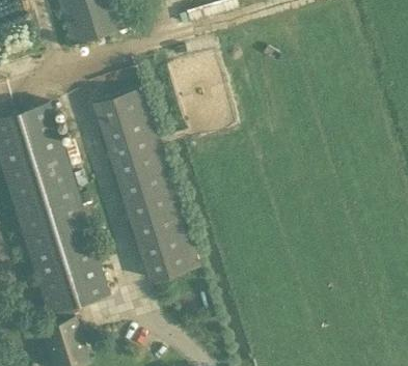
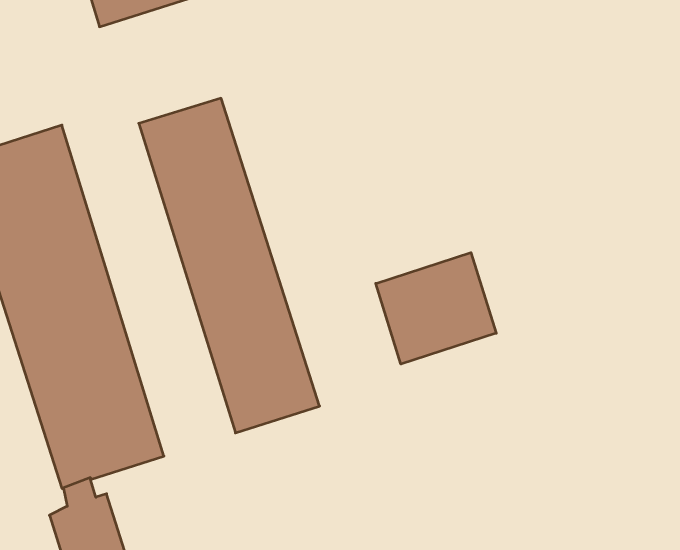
building: none -> [376,253,496,364]

